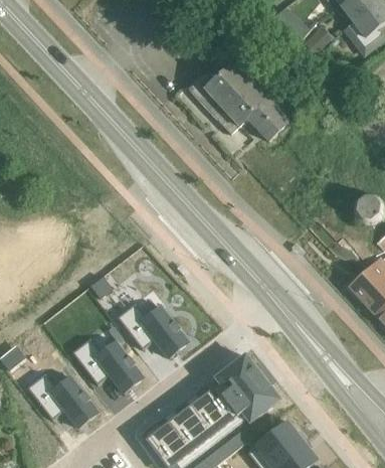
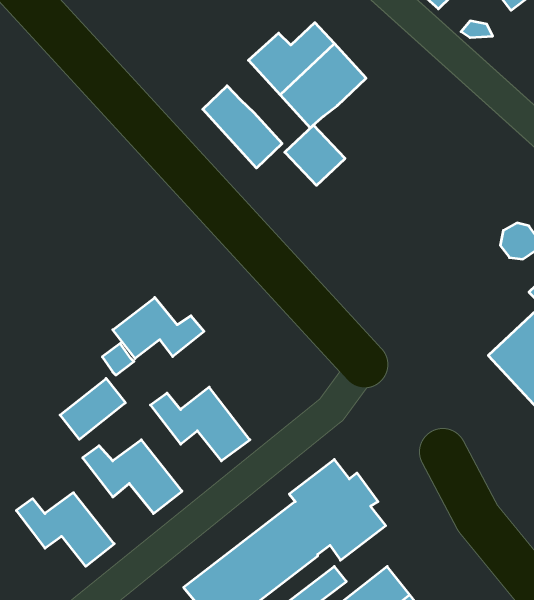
building: [248,100,288,140] -> [285,125,345,185]
building: none -> [203,86,282,168]
building: none -> [113,297,204,359]
building: none -> [60,378,125,439]

